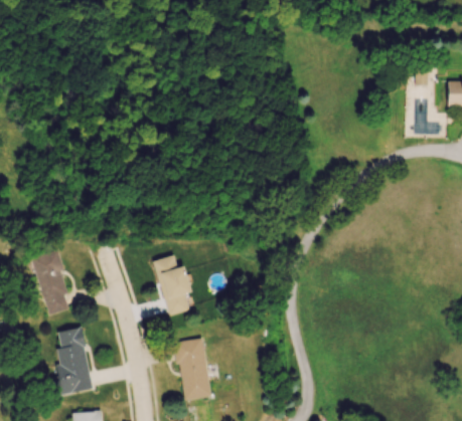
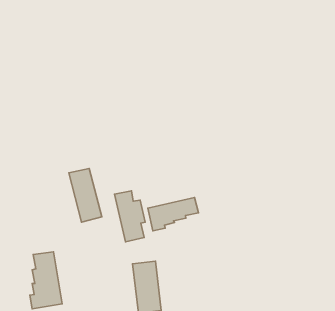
building: [33,251,72,314] -> [69,169,102,222]
building: none -> [148,197,199,231]

